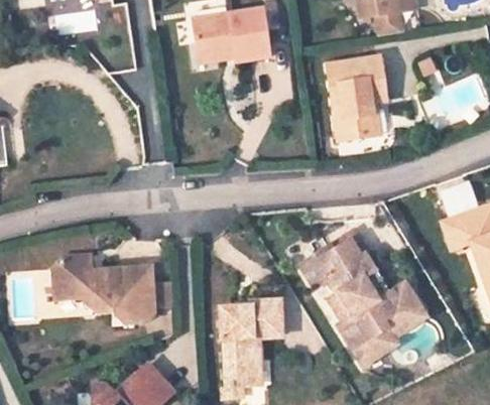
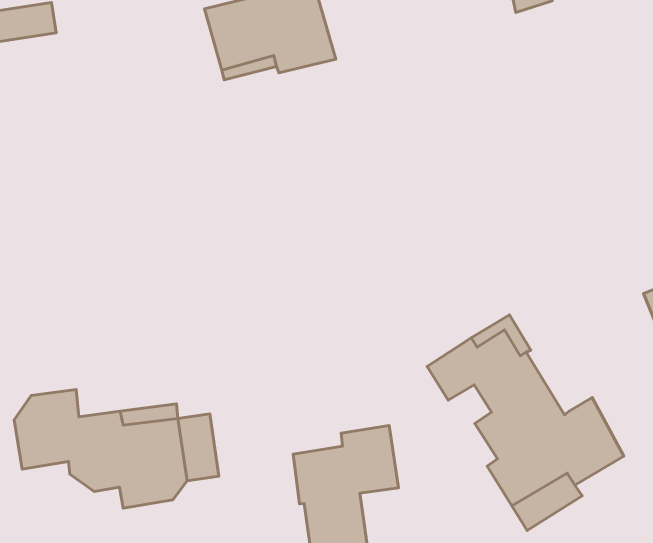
building: [333,62,391,147] -> none

